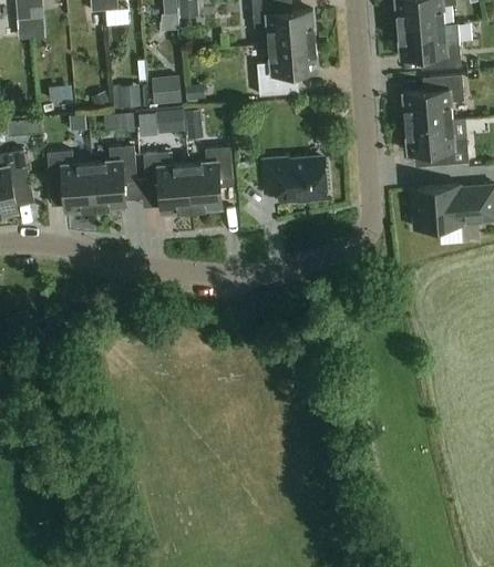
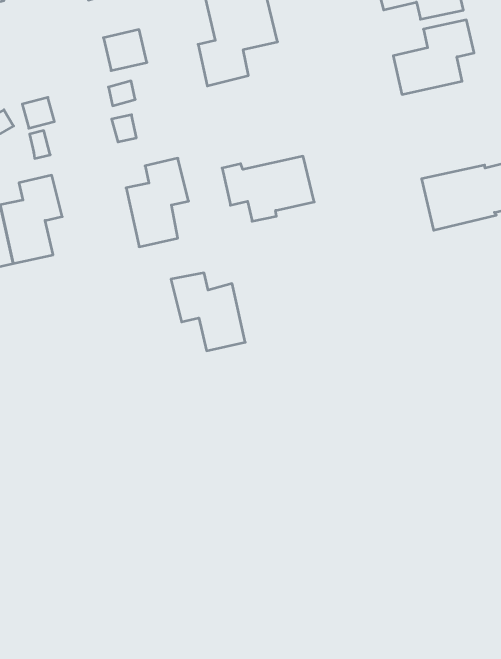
building: [152,76,182,104] -> [103,30,147,71]
building: [156,109,185,133] -> none
building: [405,121,469,165] -> none
building: [143,153,192,212] -> [171,273,245,351]

